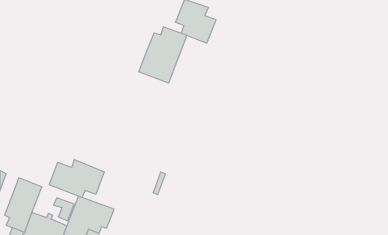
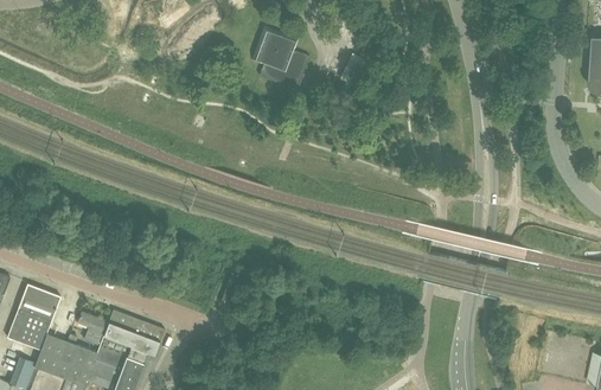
building: [139,27,187,83] -> none
building: [49,159,104,197] -> none

